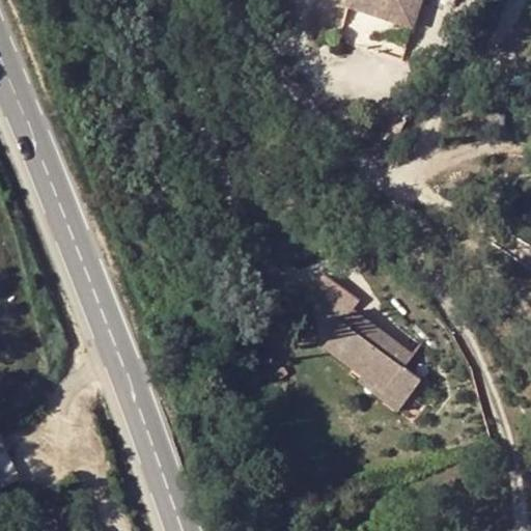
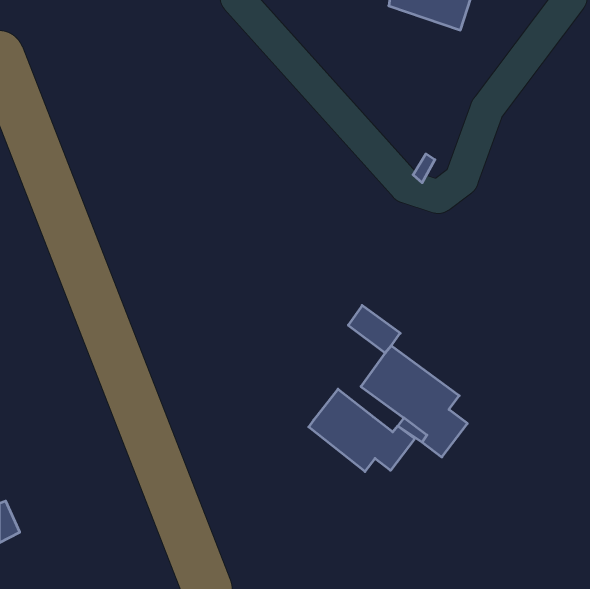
building: none -> [309,389,415,472]

